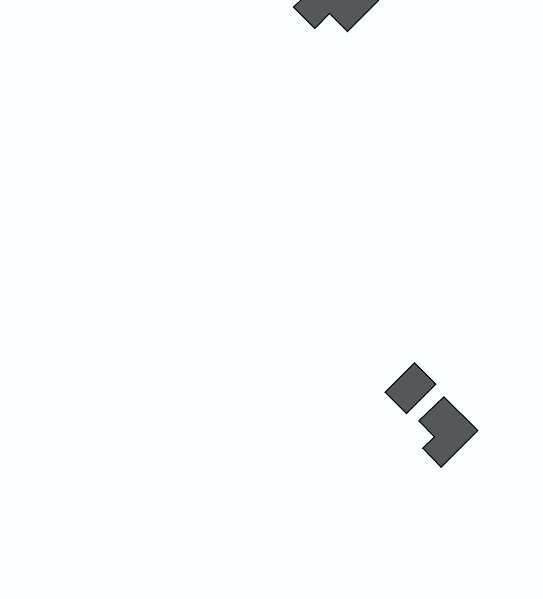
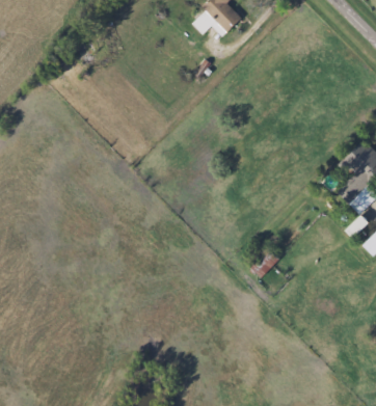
building: [419,397,478,467] -> none

